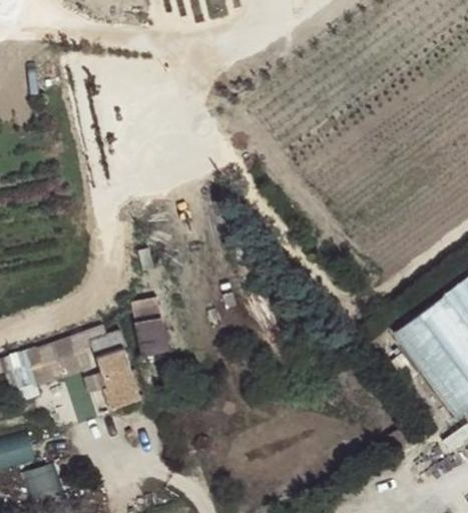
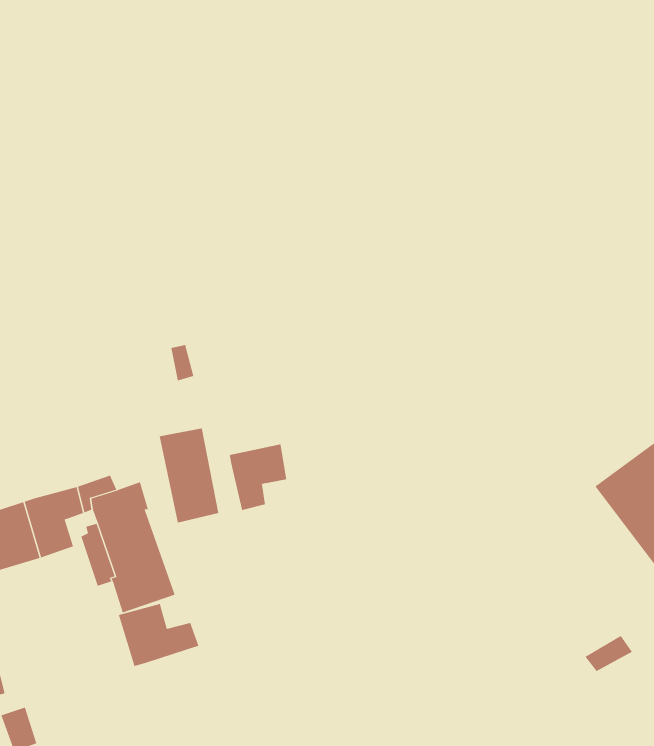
building: none -> [229,443,287,511]
building: none -> [118,603,199,667]

